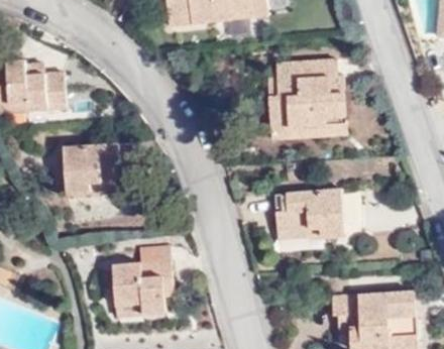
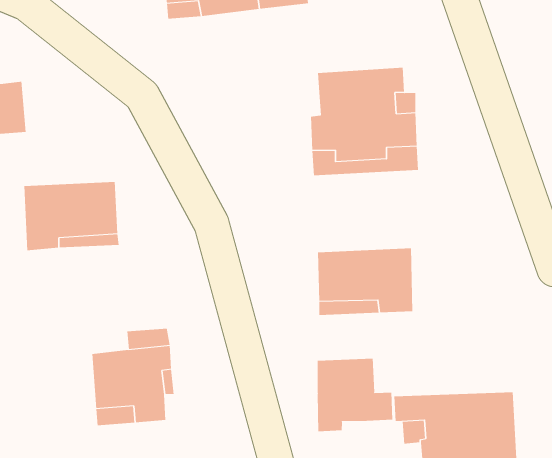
building: none -> [317,358,393,432]

